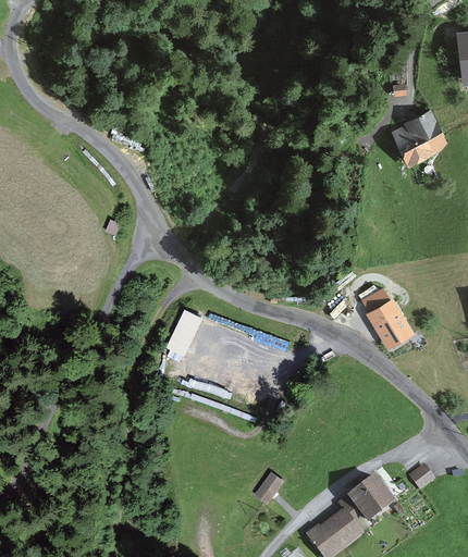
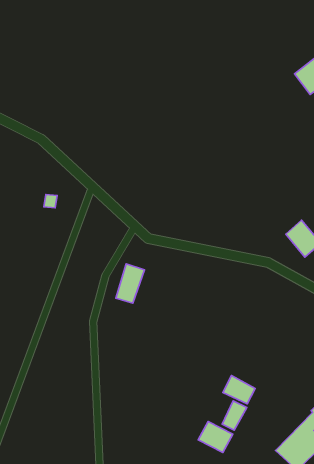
building: none -> [223,376,255,404]
building: none -> [198,421,233,452]

